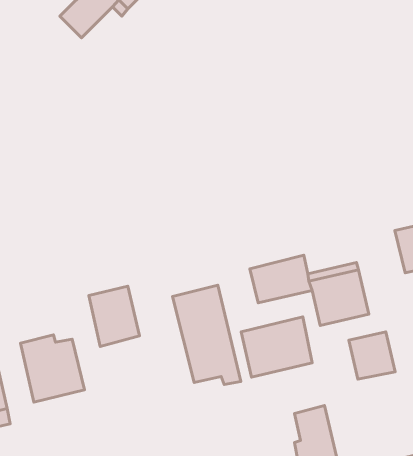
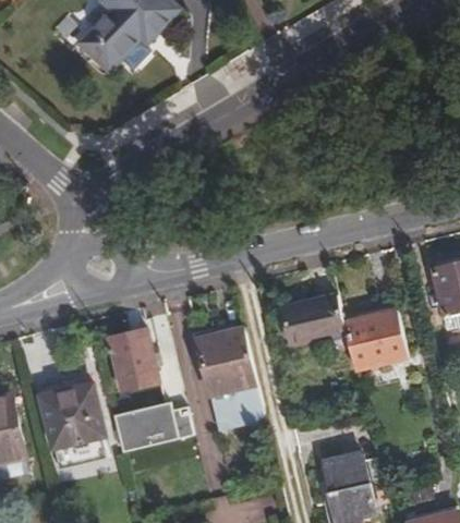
building: [241,317,312,377] -> none
building: [349,332,395,379] -> none
building: none -> [120,403,181,450]

